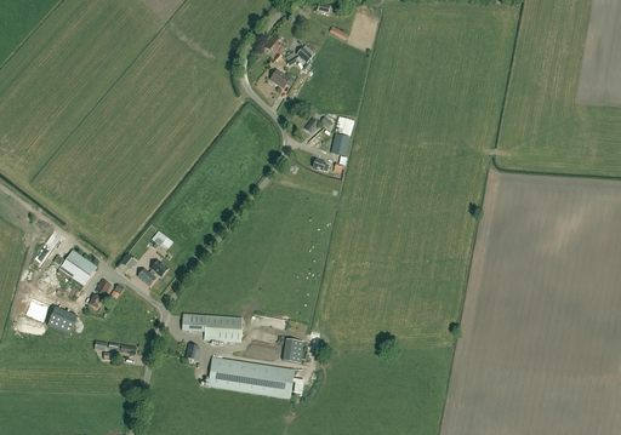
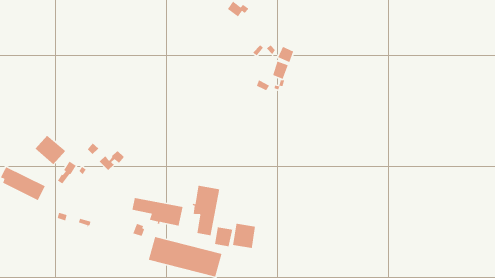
building: none -> [192,185,220,236]
building: none -> [232,223,256,249]

